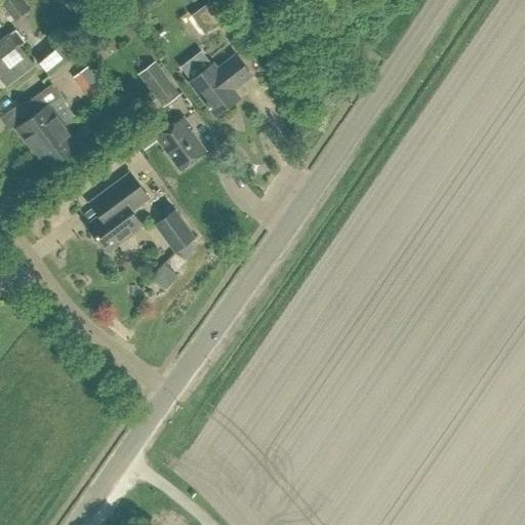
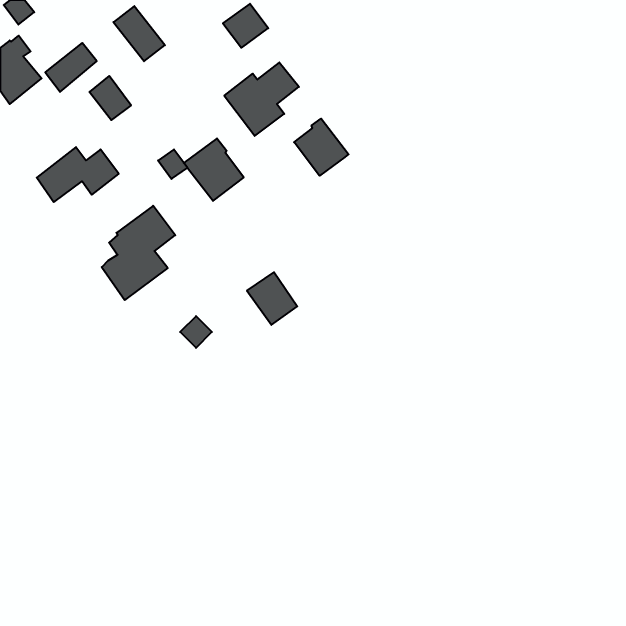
building: [138,62,181,108] -> [113,6,165,61]
building: [15,83,74,149] -> none
building: none -> [294,119,349,176]
building: [155,210,197,254] -> [247,272,297,325]

